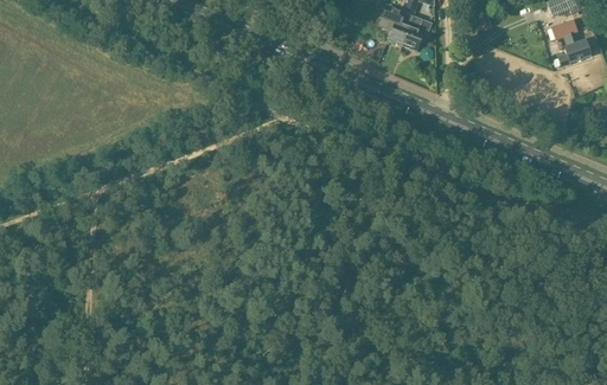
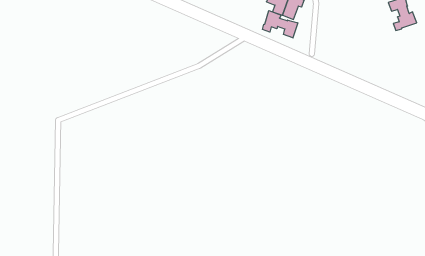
building: none -> [263,11,298,38]

